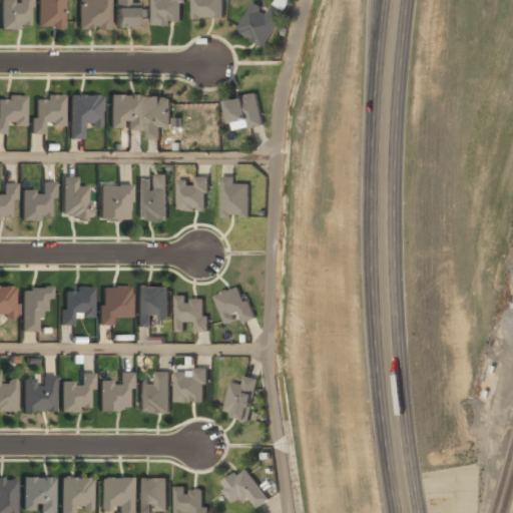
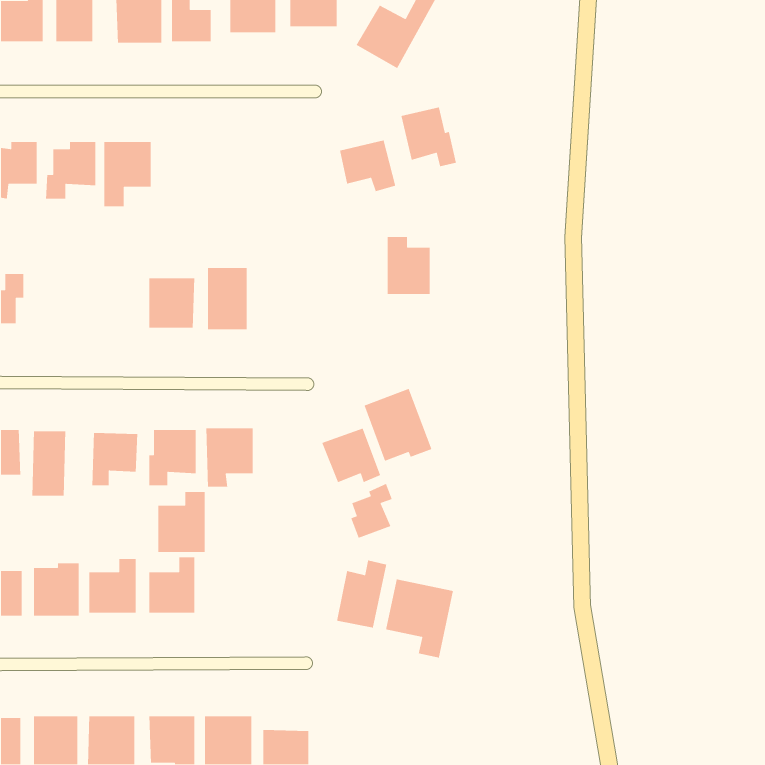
building: none -> [401,107,457,167]
building: [111,94,143,129] -> none
building: [147,95,173,137] -> none
building: [180,176,208,209] -> none
building: [222,176,251,215] -> [387,236,430,295]
building: [62,177,89,217] -> none
building: [23,182,52,217] -> none
building: none -> [363,388,432,462]
building: [179,301,206,330] -> none
building: none -> [350,483,393,539]
building: [177,367,208,402] -> none
building: [140,371,172,412] -> [158,491,206,553]
building: none -> [385,579,454,659]
building: [222,468,267,506] -> none

